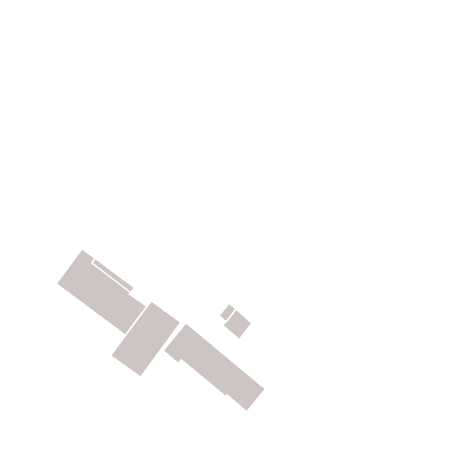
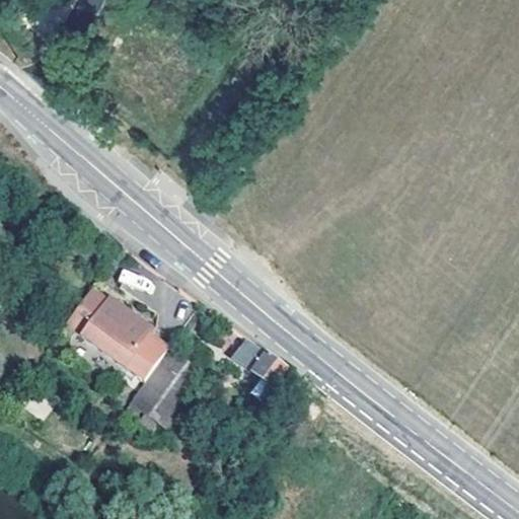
building: [163,323,265,412] -> none

